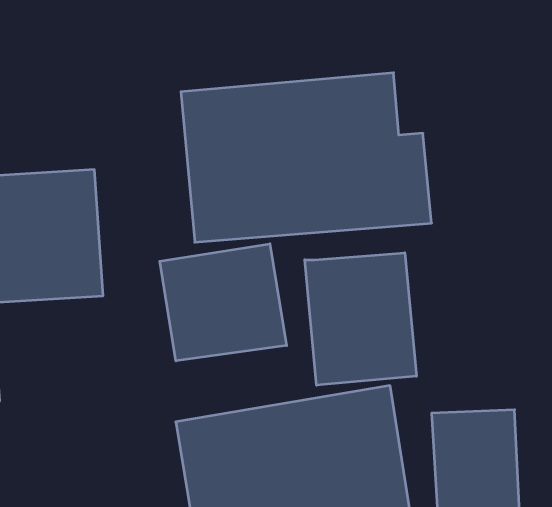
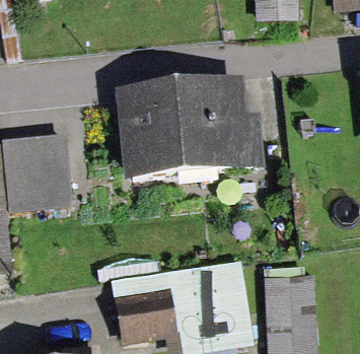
building: [160,244,287,361] -> none
building: [305,253,416,385] -> none

